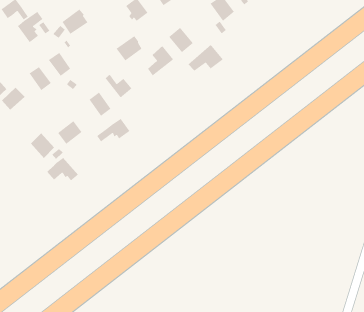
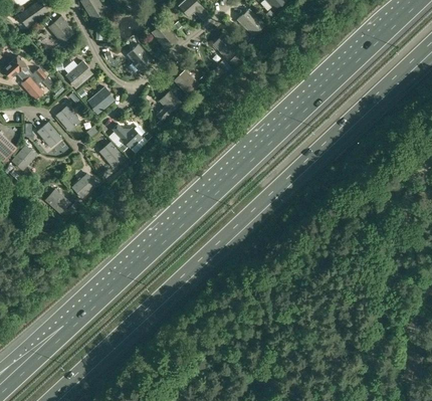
building: [115,35,142,61] -> [86,86,114,114]
building: [187,44,224,72] -> none
building: [96,118,131,142] -> none
building: [46,157,79,182] -> none

